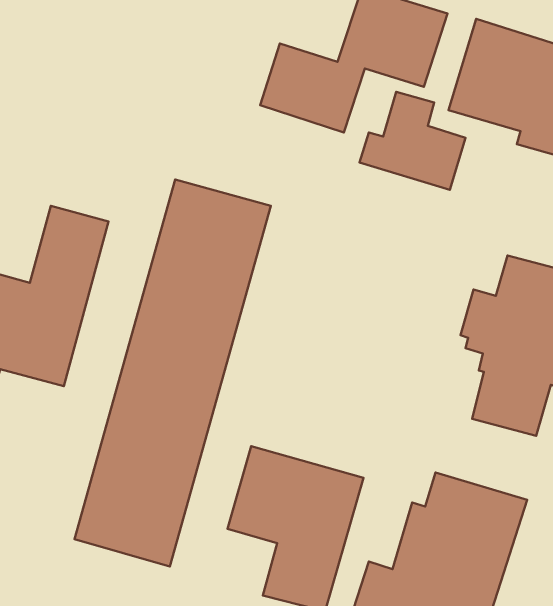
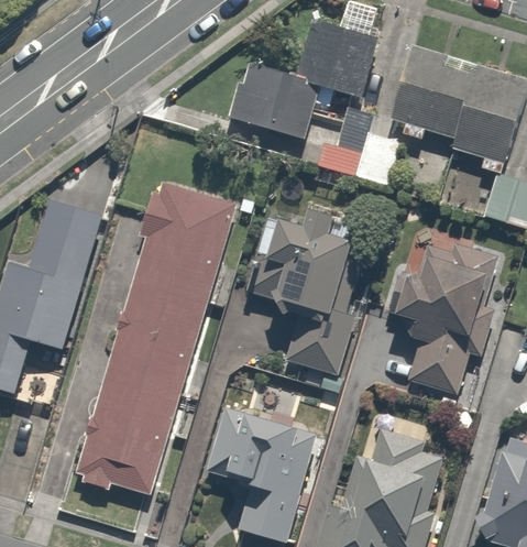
building: none -> [241,212,363,372]

